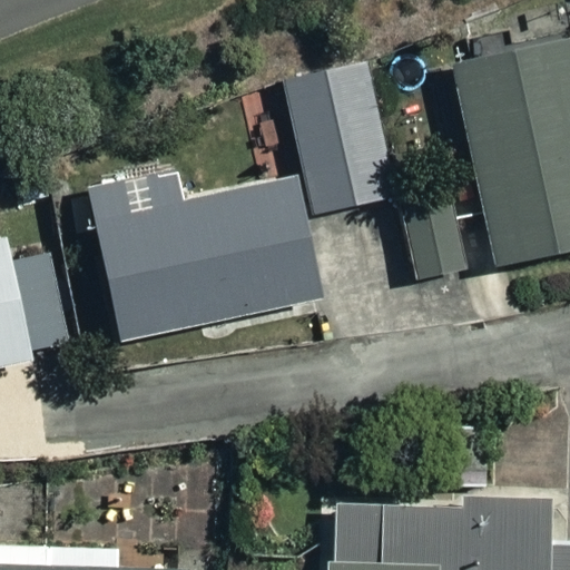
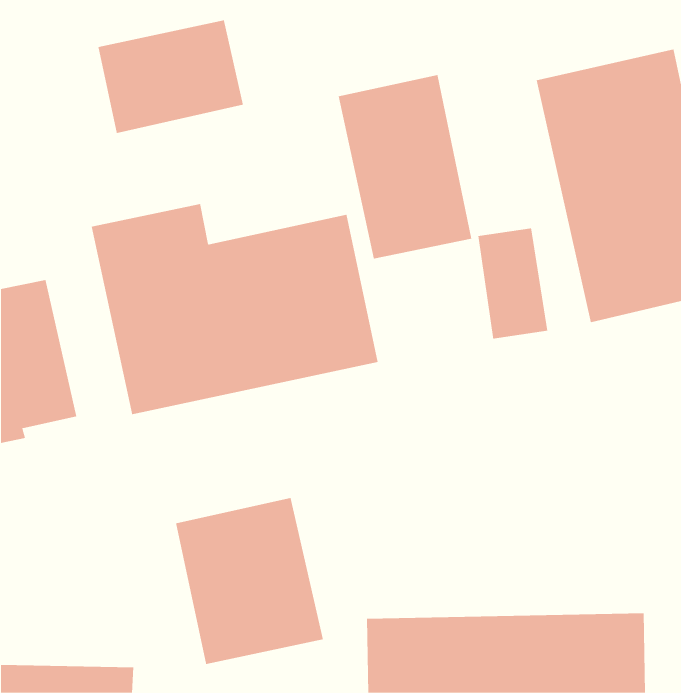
building: none -> [98,19,243,134]
building: none -> [176,497,323,665]

